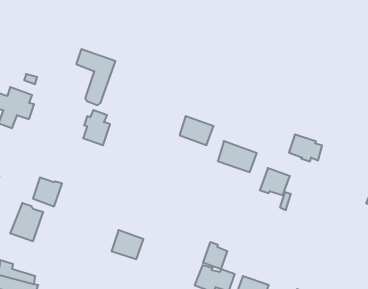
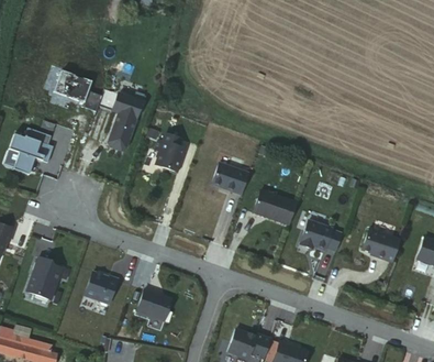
building: none -> [53,73,101,112]
building: [83,110,110,145] -> [155,134,185,173]
building: [289,134,322,161] -> [360,230,397,260]
building: [33,177,62,206] -> [85,273,116,305]
building: [203,242,227,269] -> none

